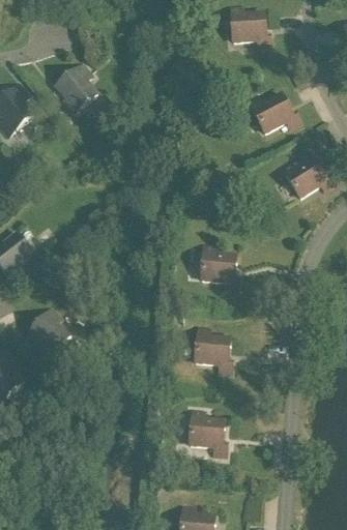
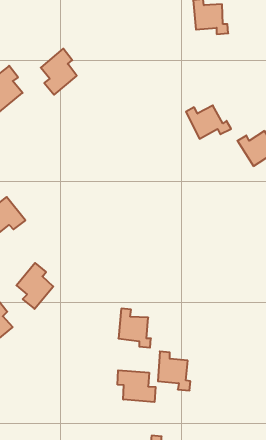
building: [249,94,300,132] -> [186,105,231,139]
building: [201,245,238,290] -> none
building: [195,327,232,372] -> [118,309,151,348]
building: none -> [118,370,156,402]

